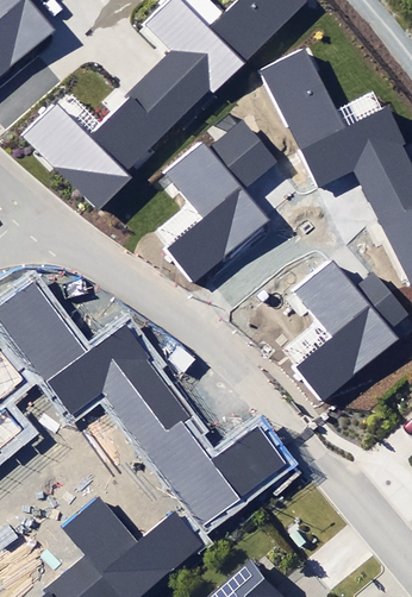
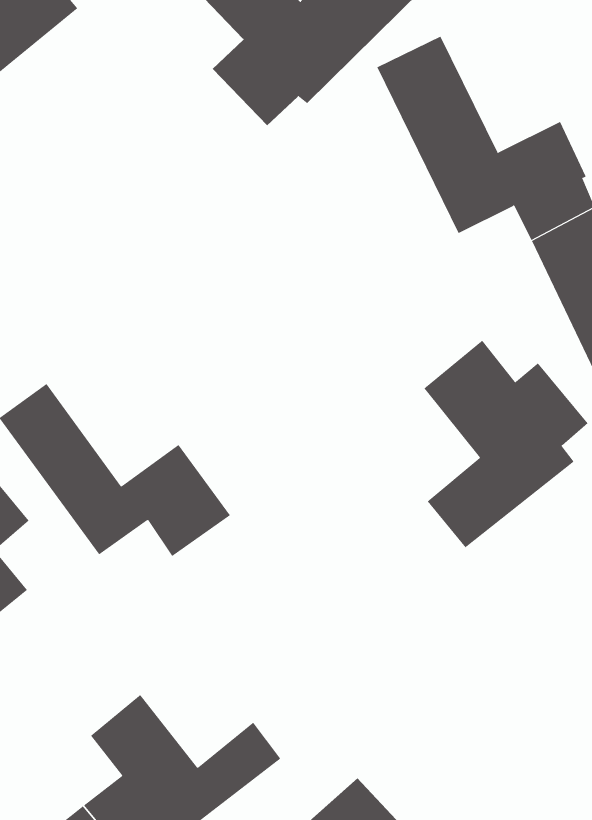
building: [23,71,186,210] -> none
building: [163,119,276,283] -> none
building: [120,377,279,519] -> none

